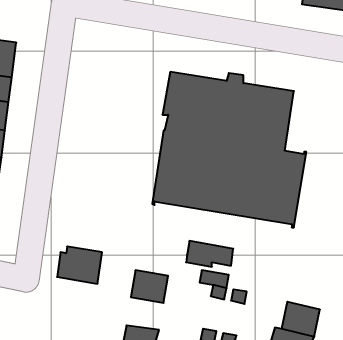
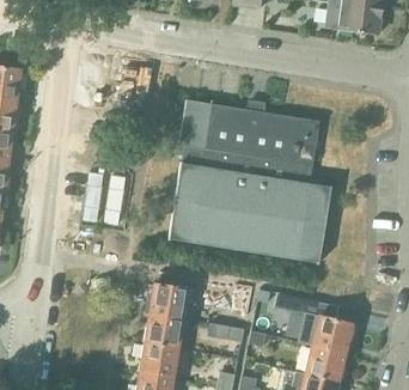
building: [57,247,102,284] -> [148,278,196,317]
building: none -> [271,291,352,352]
building: none -> [139,339,178,373]

